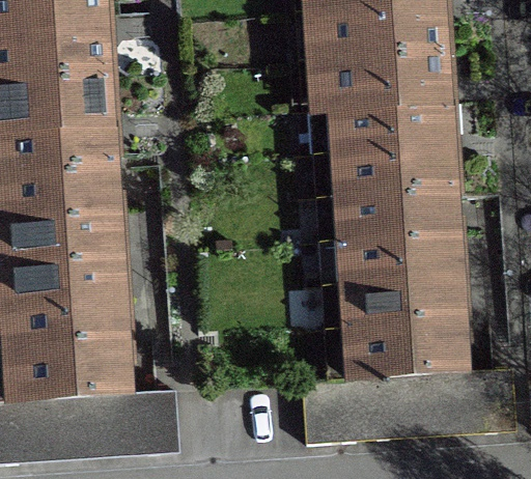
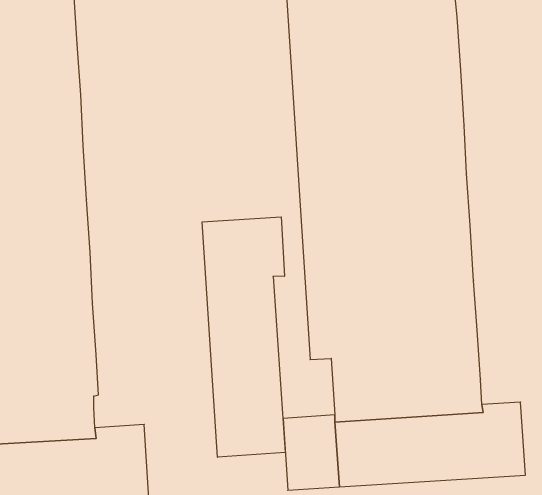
building: none -> [202,217,285,457]

